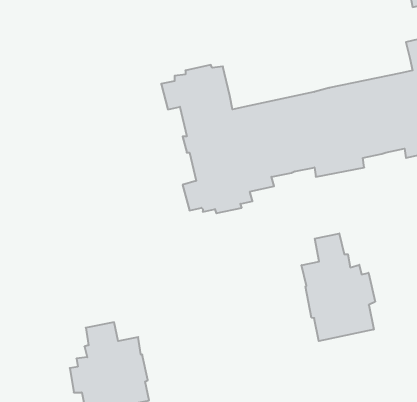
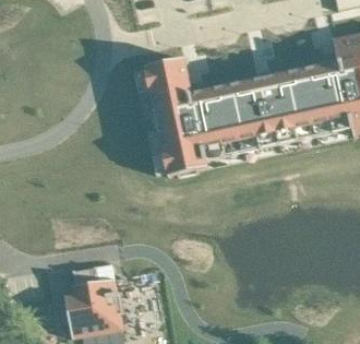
building: [302,233,375,341] -> none

